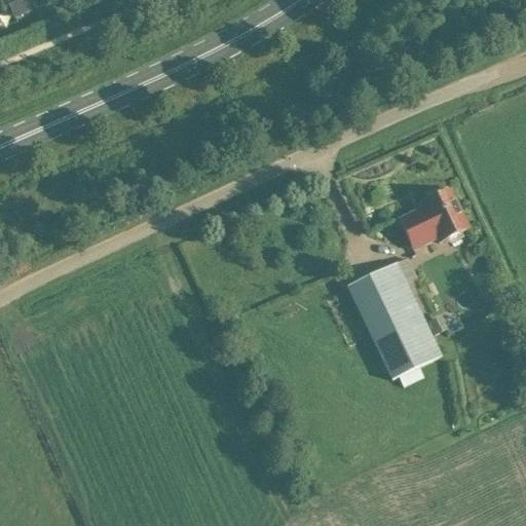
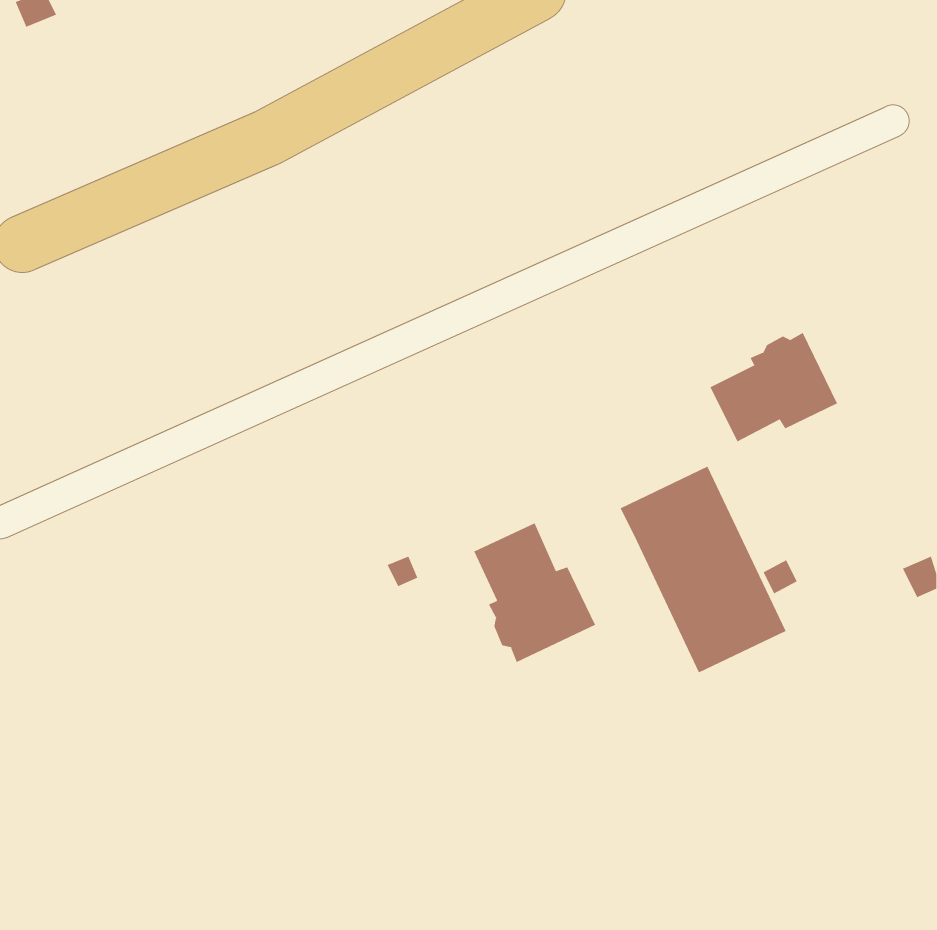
building: none -> [474,522,596,663]

